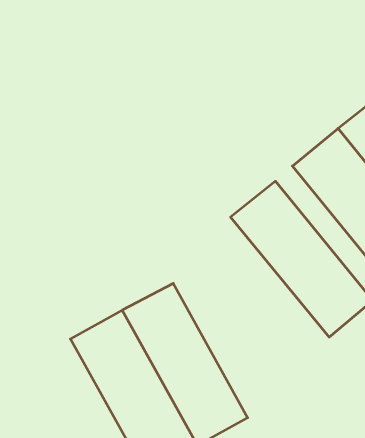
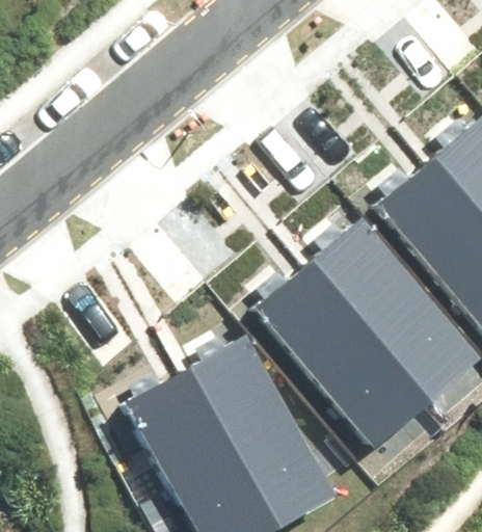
building: none -> [258,262,426,445]

